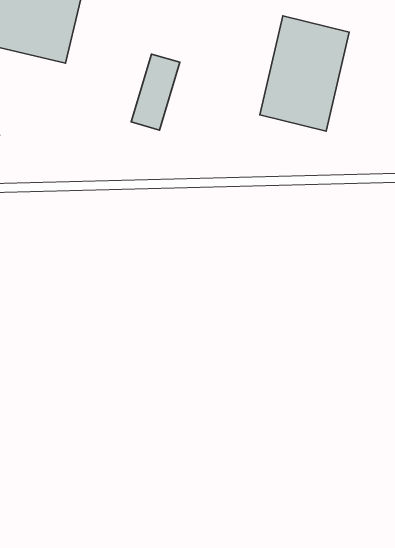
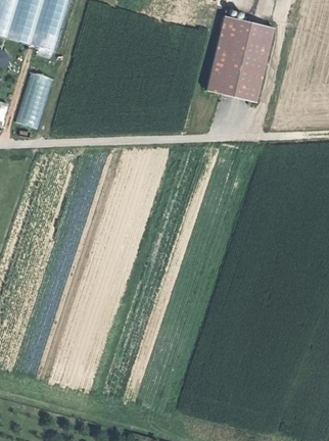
building: [131,54,180,130] -> [16,71,53,129]

